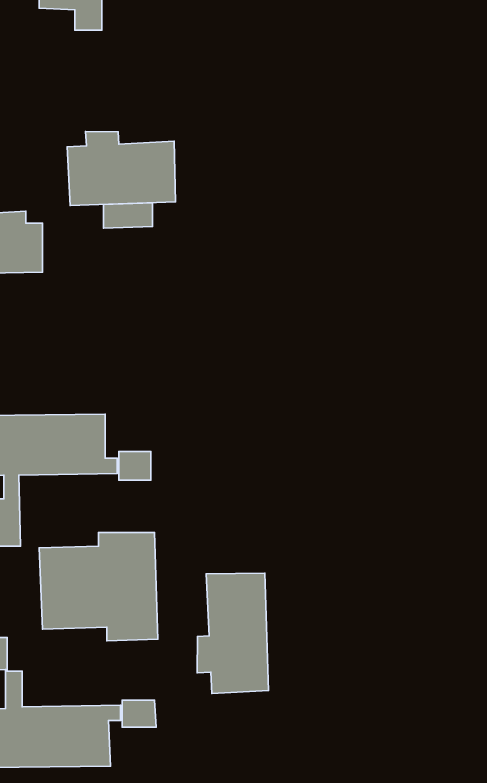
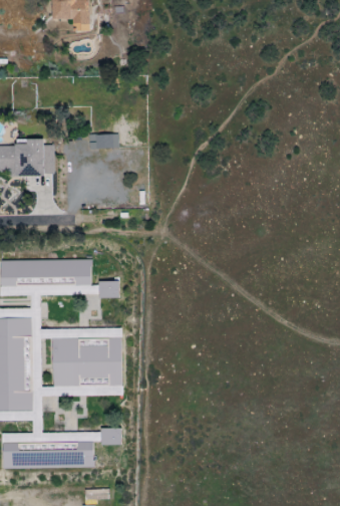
building: [67,132,176,206] -> none
building: [197,573,269,693] -> none

